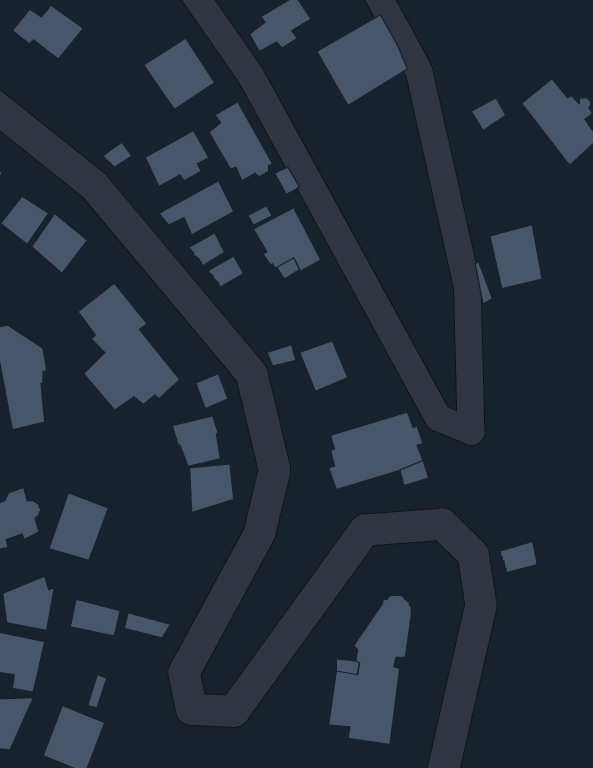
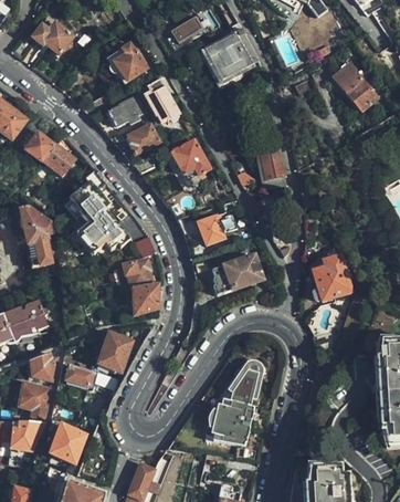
building: [490,225,542,288] -> [255,144,285,180]
building: none -> [310,255,349,301]
building: [49,493,109,560] -> [98,332,133,370]

